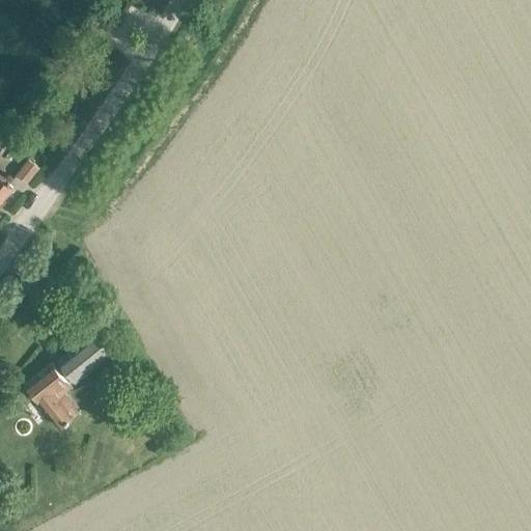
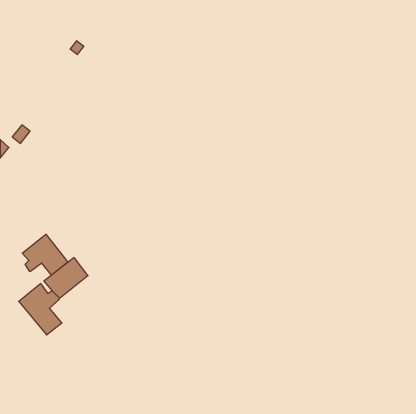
building: none -> [22,234,68,275]

